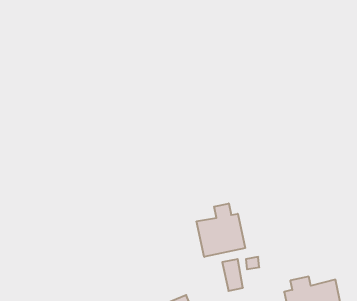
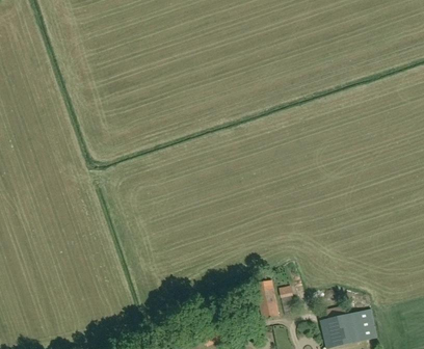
building: [197,203,245,257] -> none

